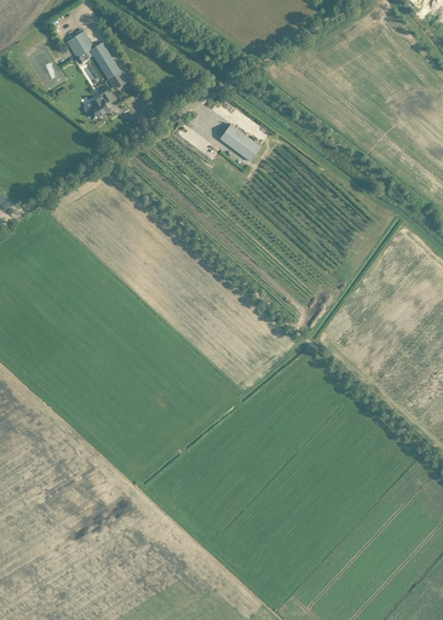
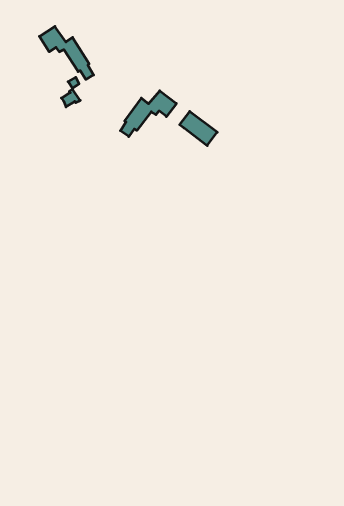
building: none -> [120,91,176,137]

